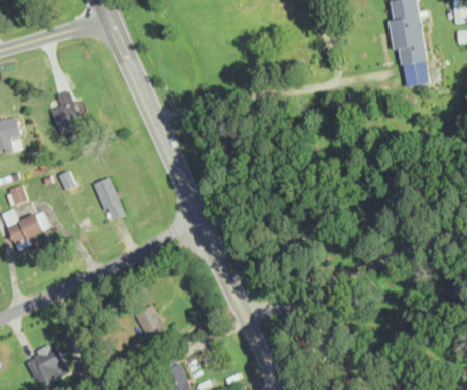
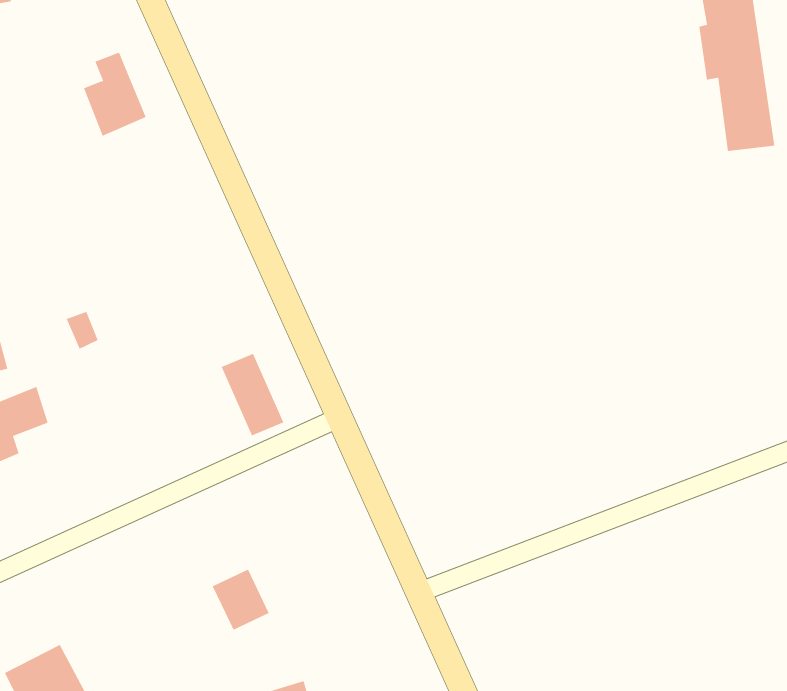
building: [51,90,85,135] -> [83,52,147,136]
building: [93,178,126,221] -> [221,353,284,436]

